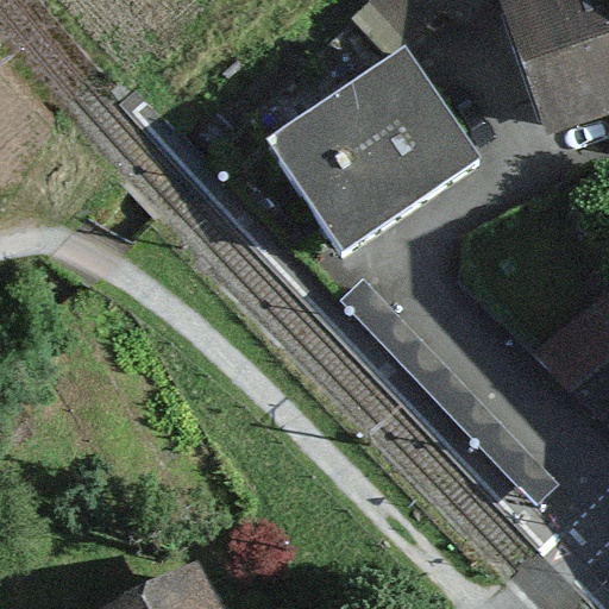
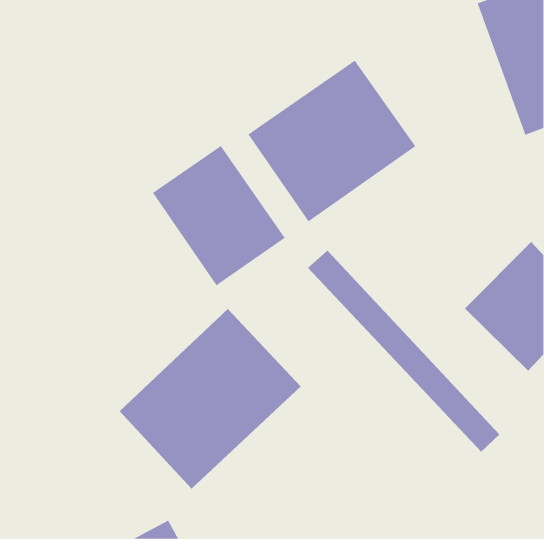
building: none -> [152,145,285,286]
building: none -> [119,308,302,489]

